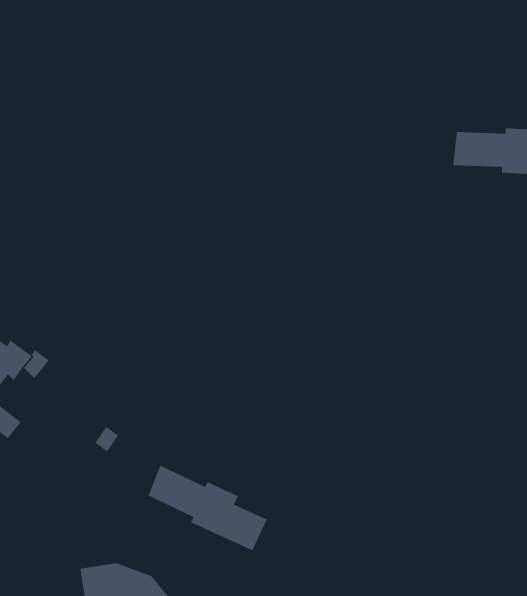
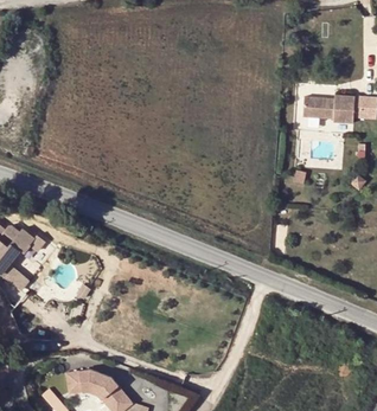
building: [148,465,267,551] -> none

